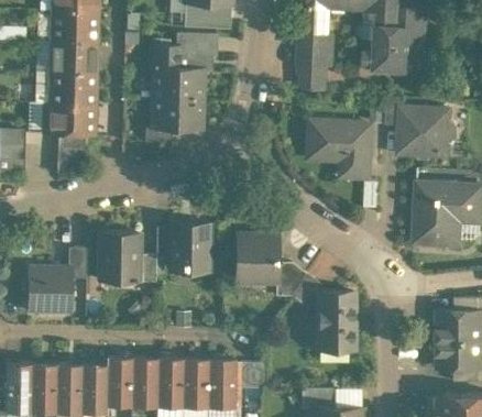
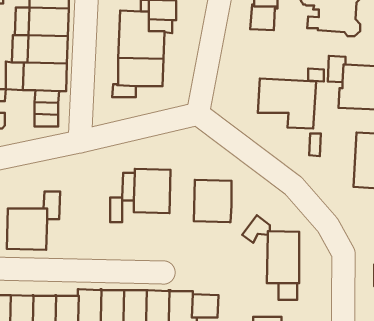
building: [298,66,326,94] -> none
building: [101,232,139,282] -> none
building: [276,263,307,296] -> none

